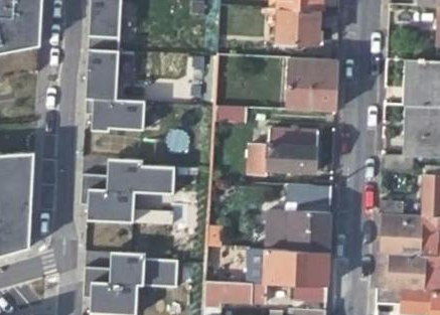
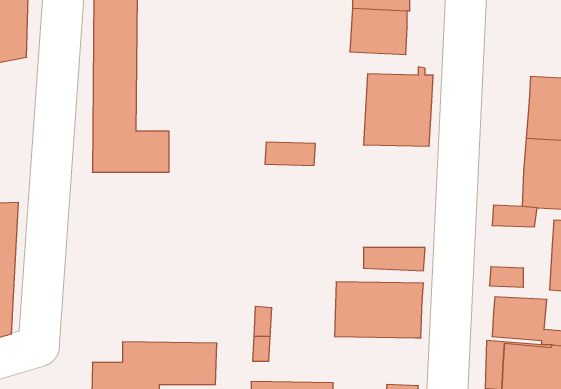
building: [248,131,316,178] -> none
building: [86,161,173,224] -> none
building: [265,251,324,284] -> none

